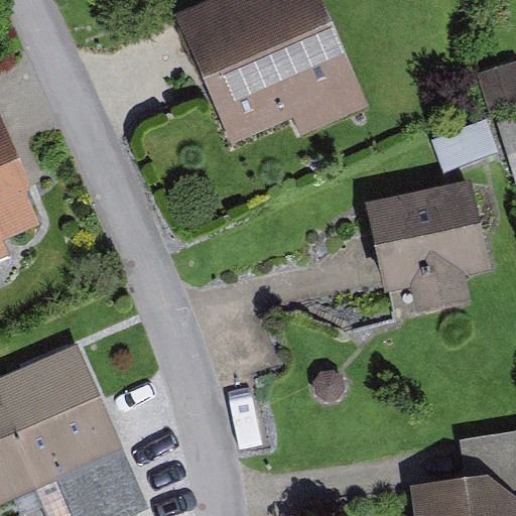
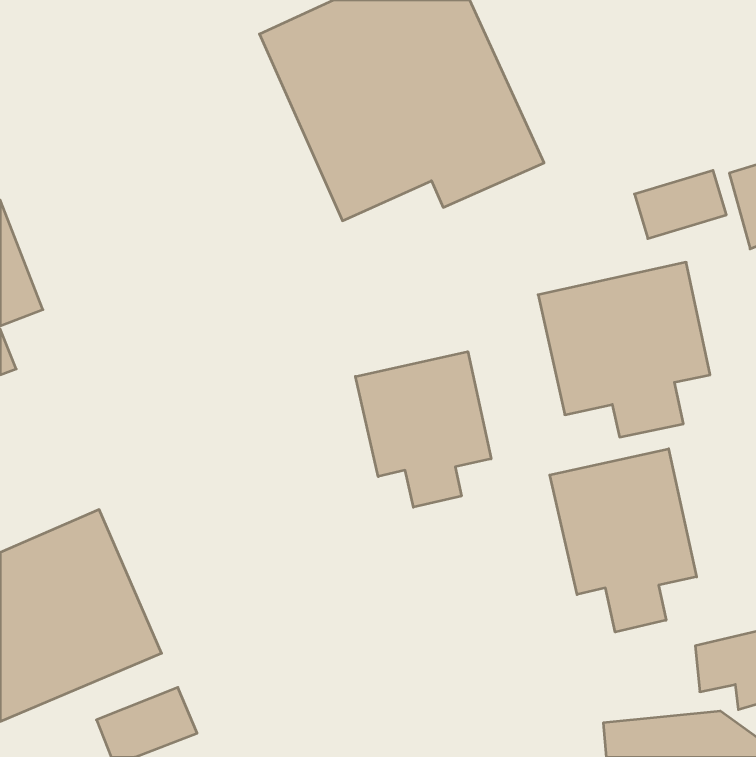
building: none -> [355,352,491,507]
building: none -> [550,449,697,632]

